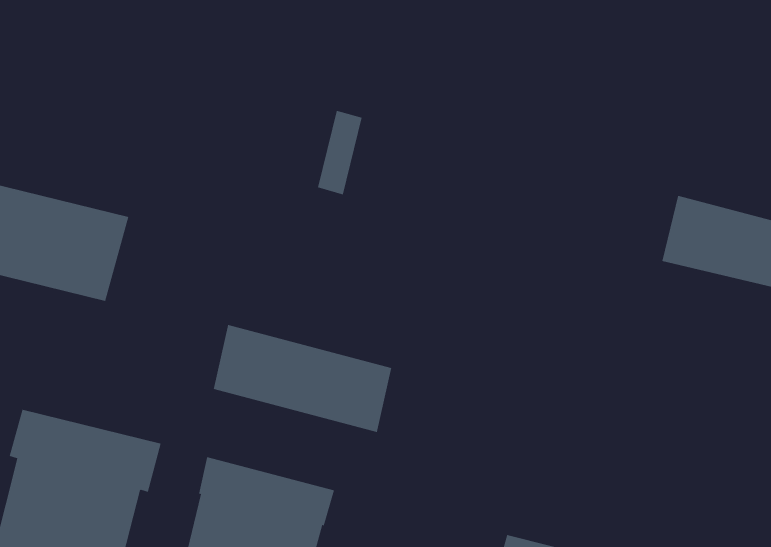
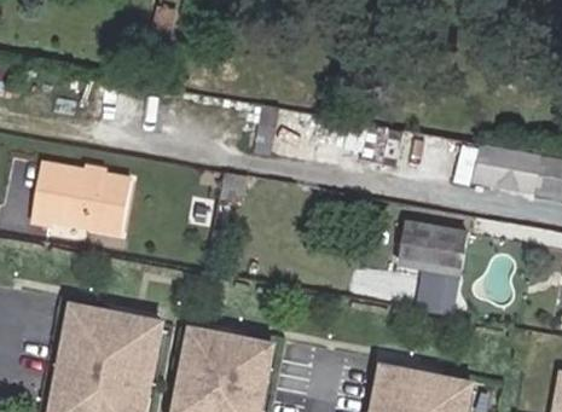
building: none -> [396,217,467,312]
building: [213,324,392,433] -> none

